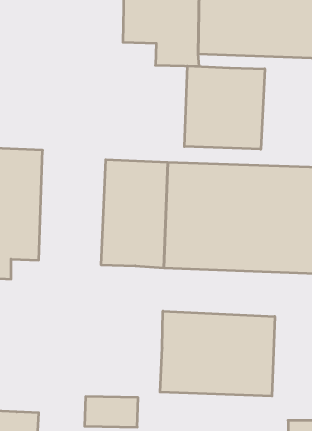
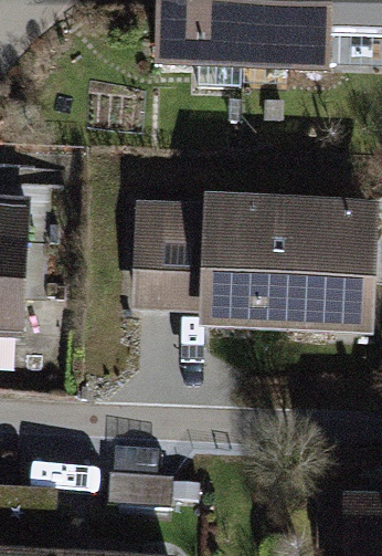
building: [184,66,265,149] -> none
building: [160,311,275,396] -> none

